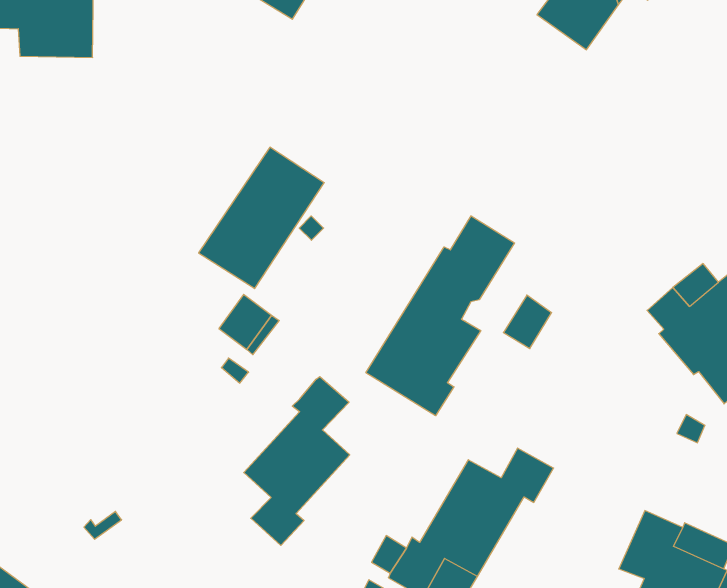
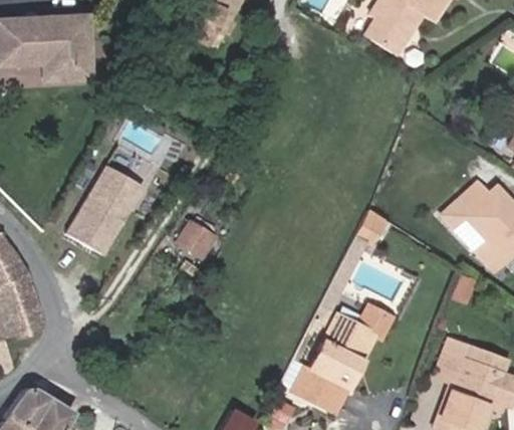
building: [199,147,324,289] -> [67,166,143,254]
building: [366,216,515,416] -> none
building: [244,377,350,545] -> none

